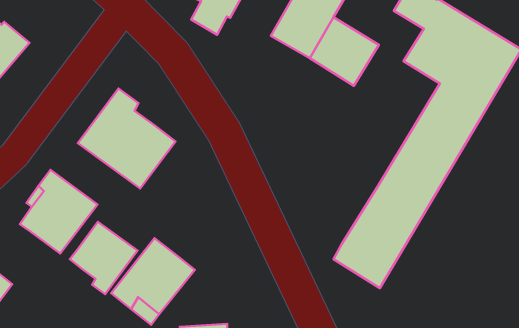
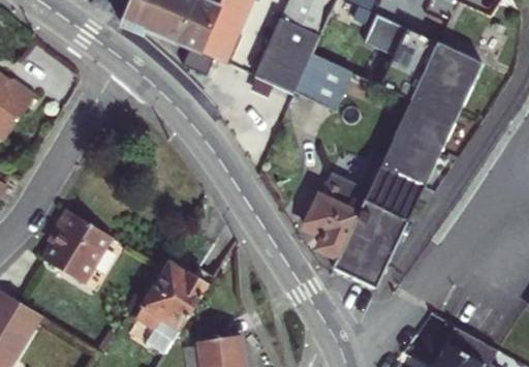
building: [78,88,176,188] -> none
building: none -> [305,179,364,252]
building: [70,222,137,294] -> none

